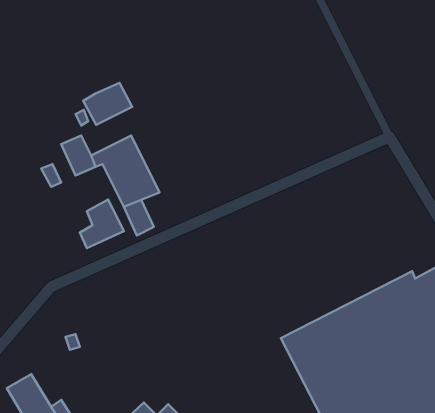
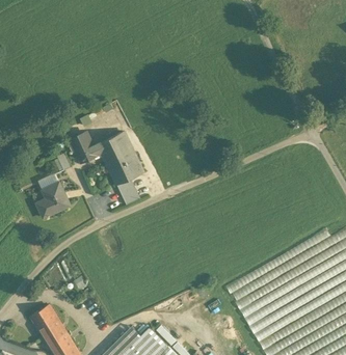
building: [83,83,132,125] -> none
building: [80,200,124,248] -> [37,184,70,219]

